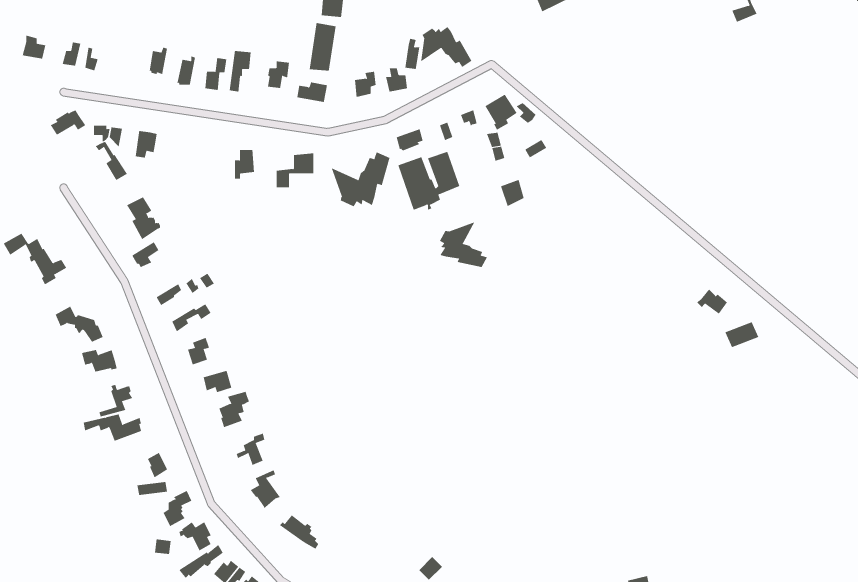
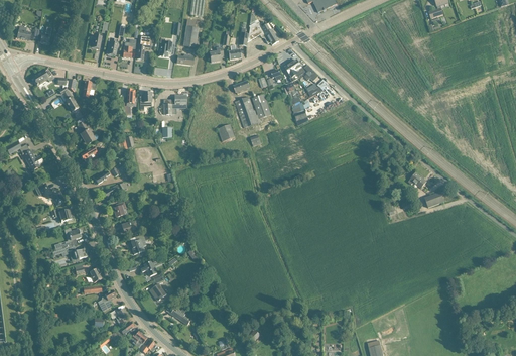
building: [331,151,390,207] -> none
building: [439,221,488,268] -> none

